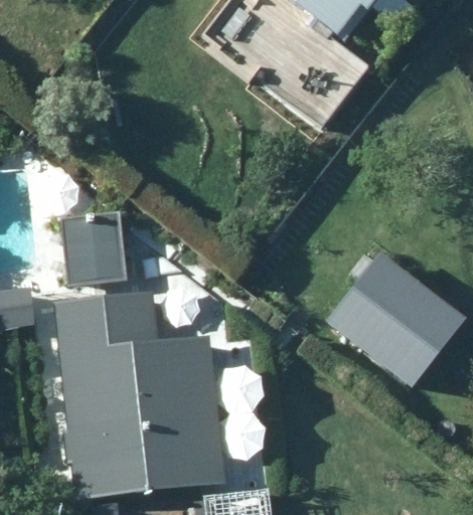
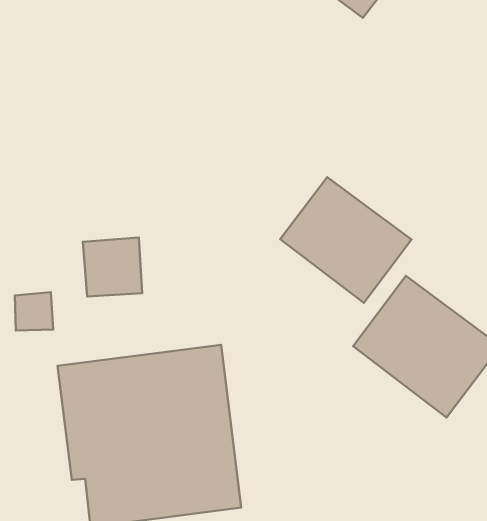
building: none -> [280,177,411,303]

